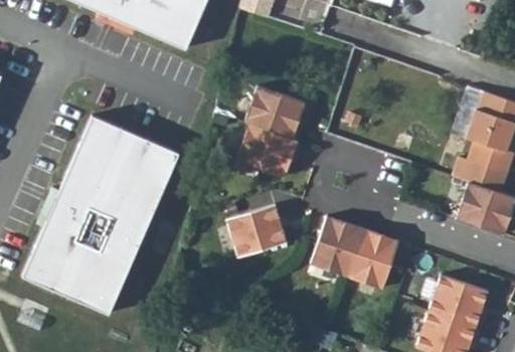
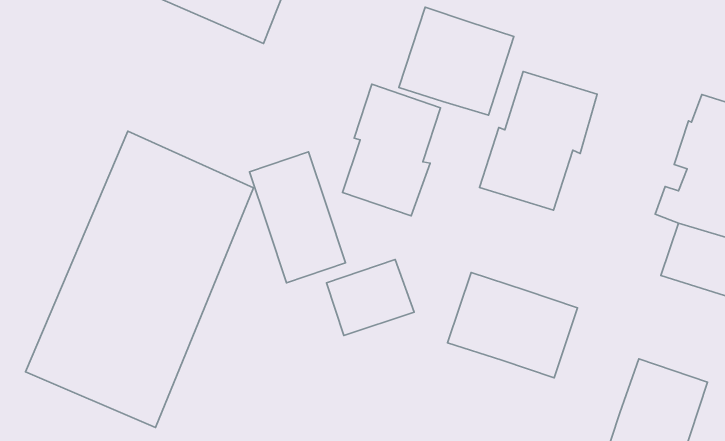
building: none -> [399,7,514,115]
building: none -> [479,71,597,210]
building: none -> [249,152,346,283]

